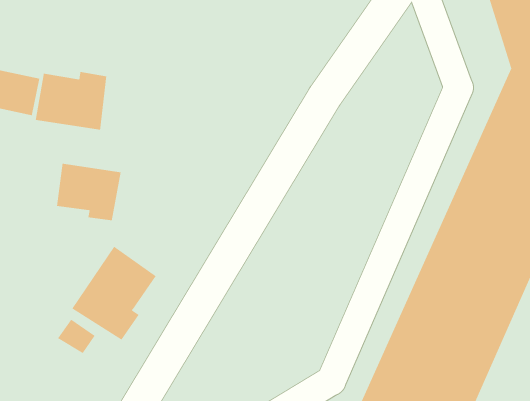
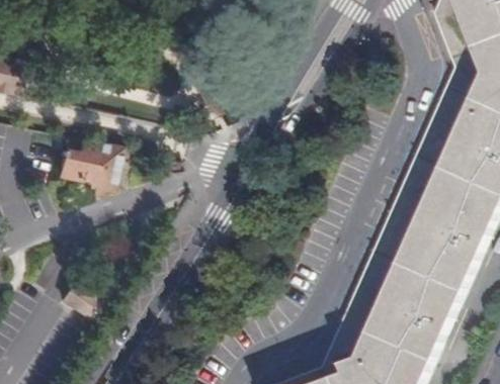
building: [35,71,107,130] -> none
building: [71,246,157,340] -> none

